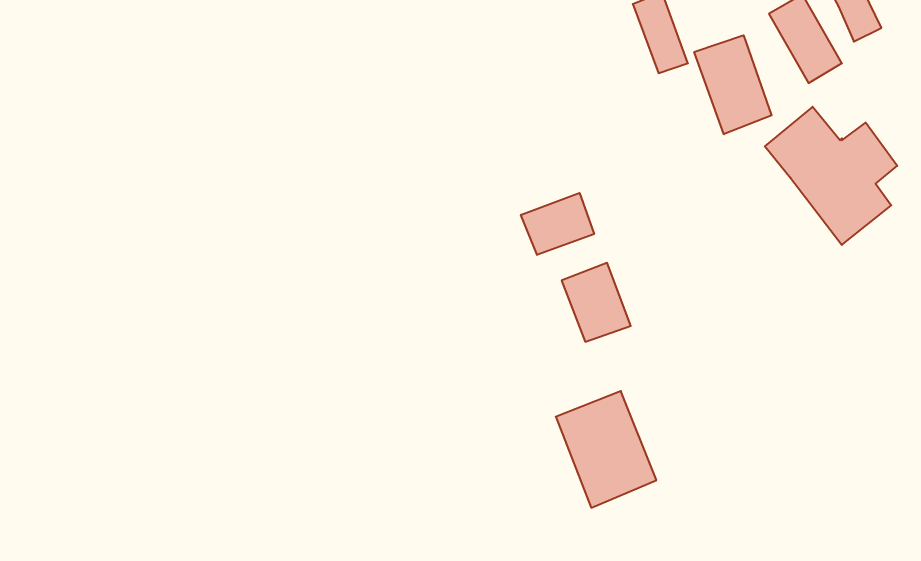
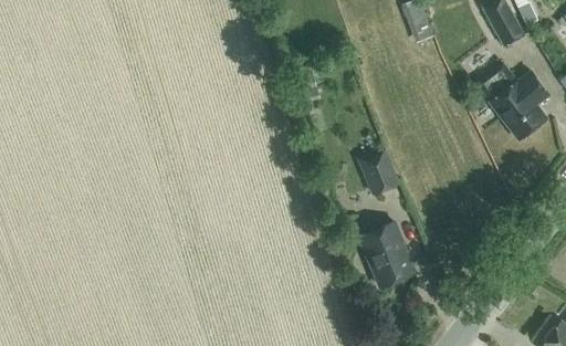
building: [694,35,772,134] -> none
building: [521,193,594,255] -> none

